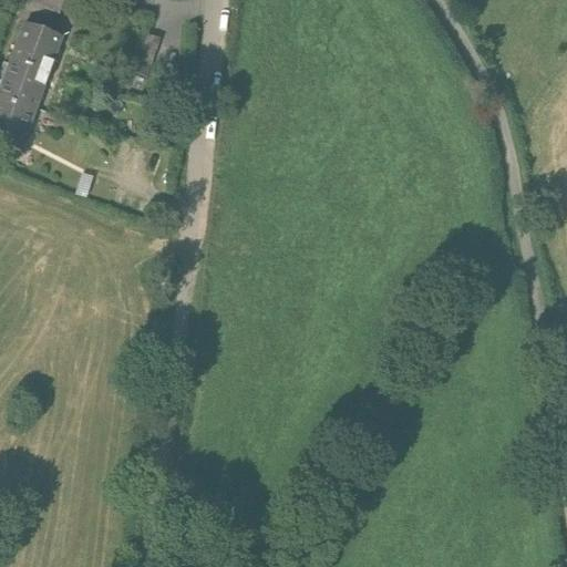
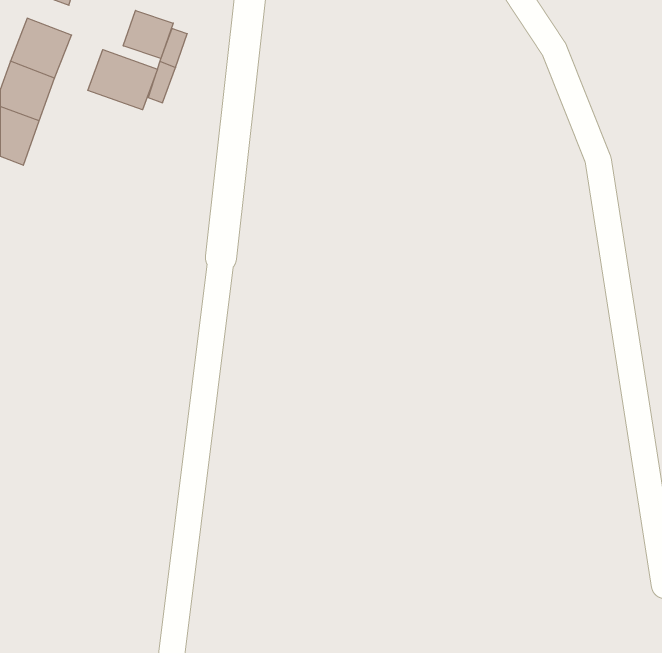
building: none -> [123,10,173,59]
building: none -> [88,50,157,110]

